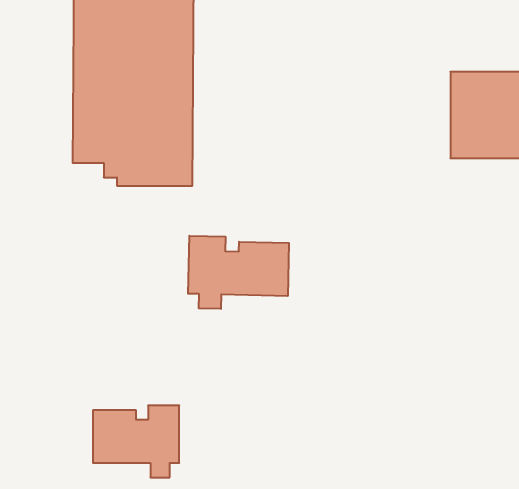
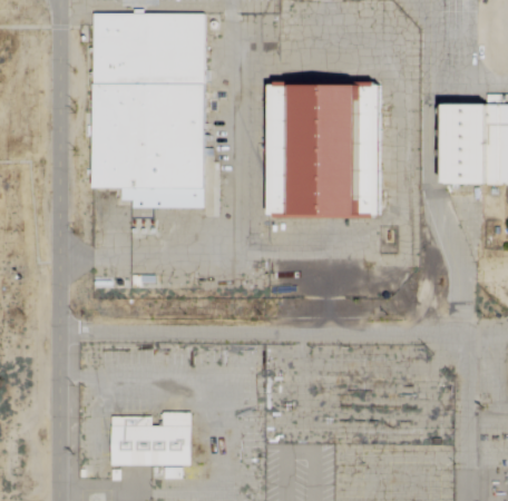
building: none -> [268,73,385,217]
building: [188,236,289,309] -> none

